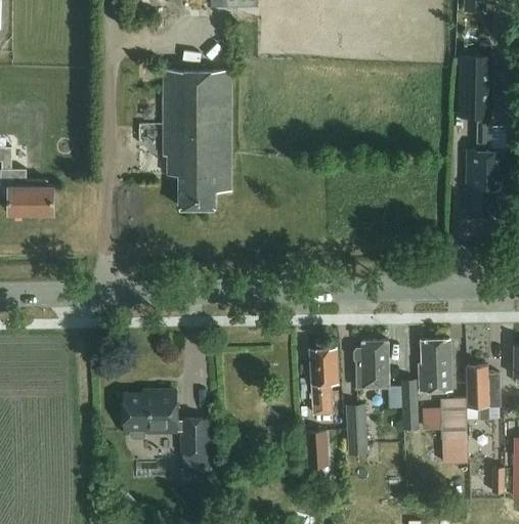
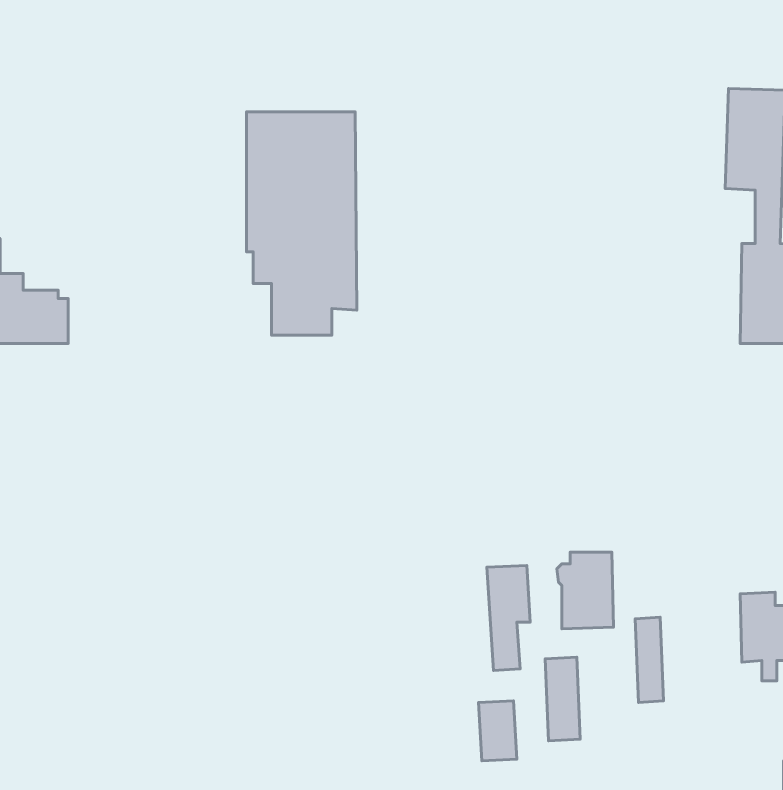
building: [419,340,451,392] -> none
building: [124,391,210,477] -> none
building: [441,399,468,464] -> none

